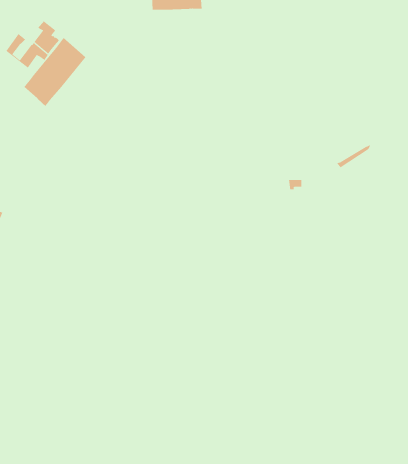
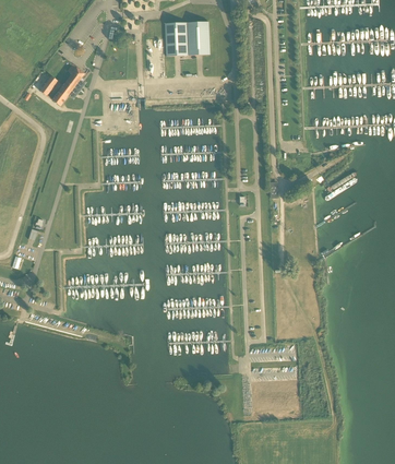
building: [24,37,86,107] -> none

